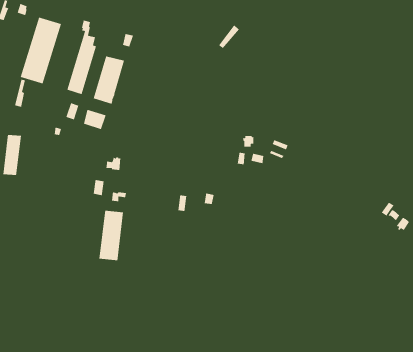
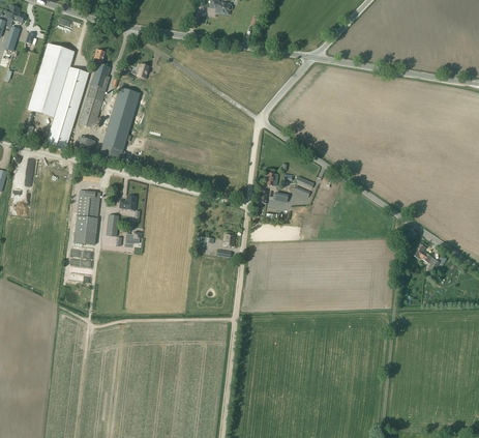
building: none -> [46,65,88,149]
building: [99,210,124,261] -> [73,189,100,243]

